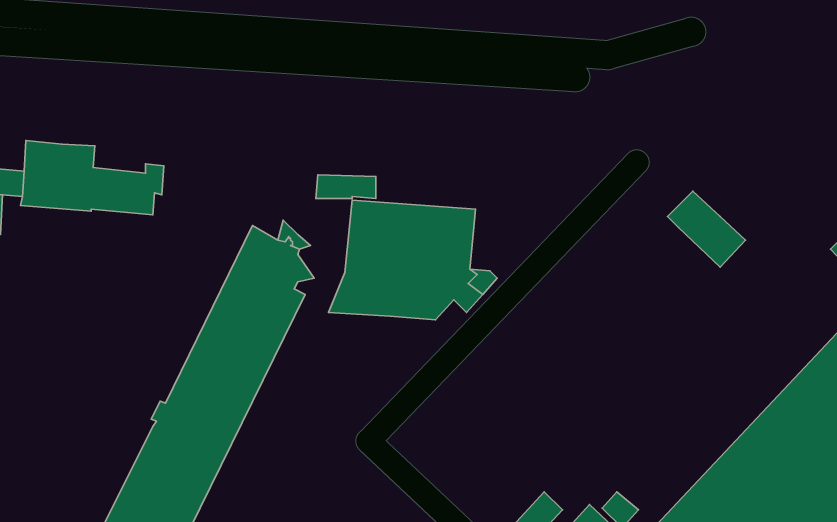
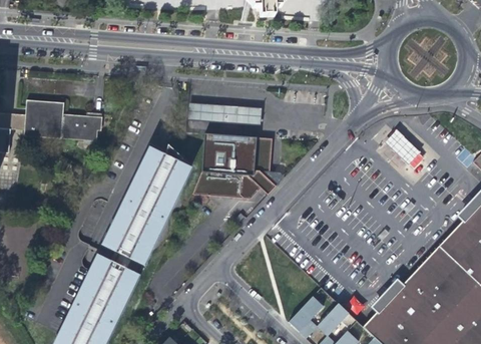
building: none -> [188,101,257,121]

